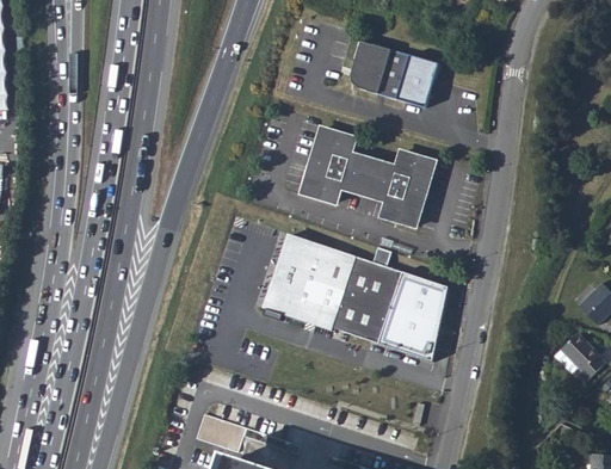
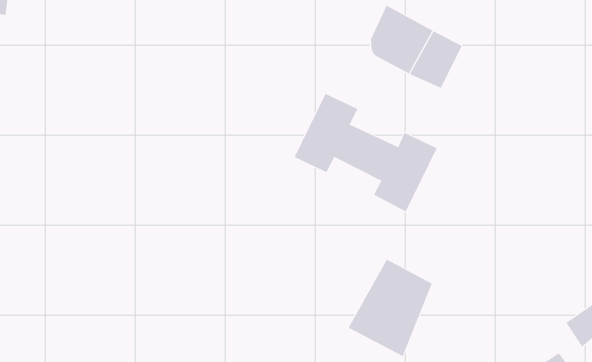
building: [263,235,401,344] -> none

